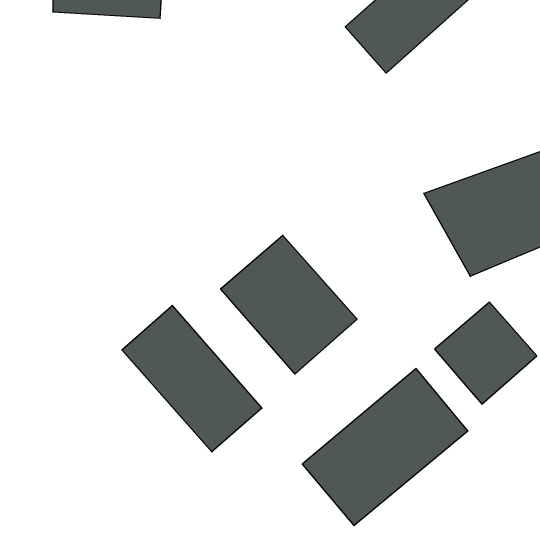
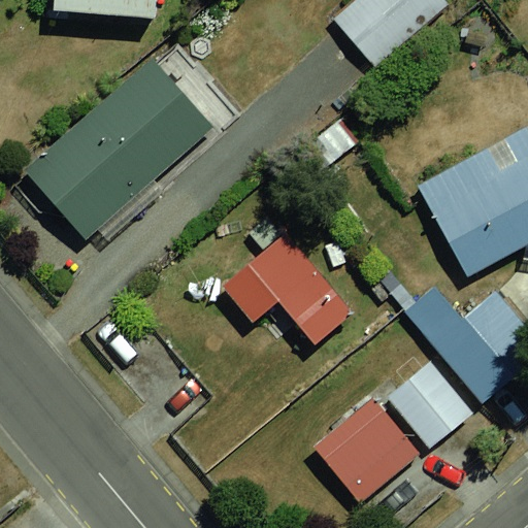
building: none -> [26,57,220,240]
building: [122,305,262,452] -> none

